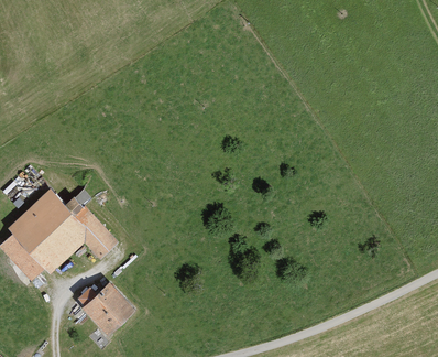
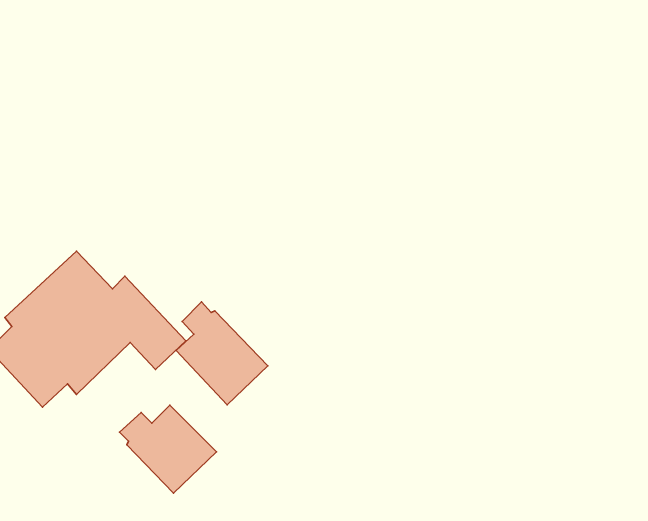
building: none -> [176,302,268,405]

